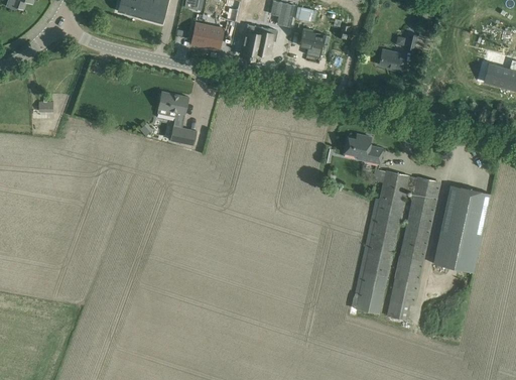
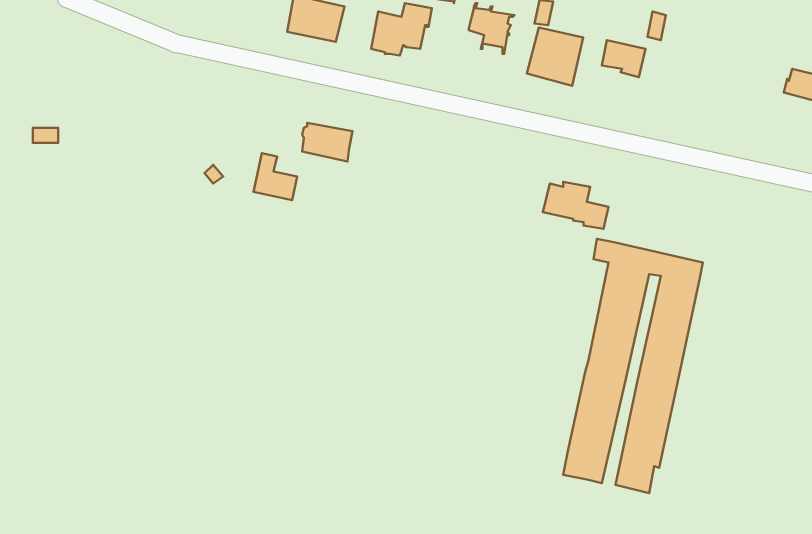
building: none -> [527,28,583,86]
building: [157,92,187,115] -> [302,123,353,162]
building: [432,185,489,272] -> none

